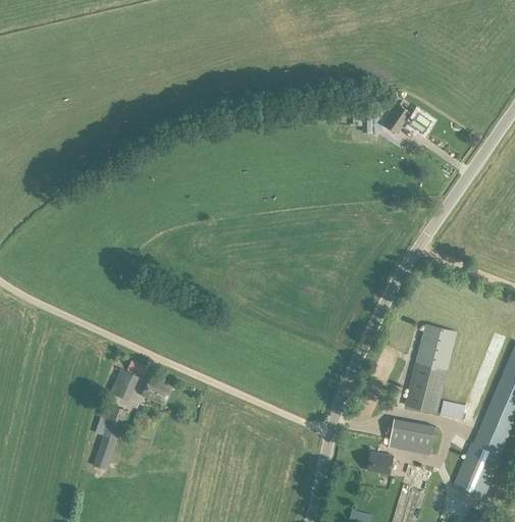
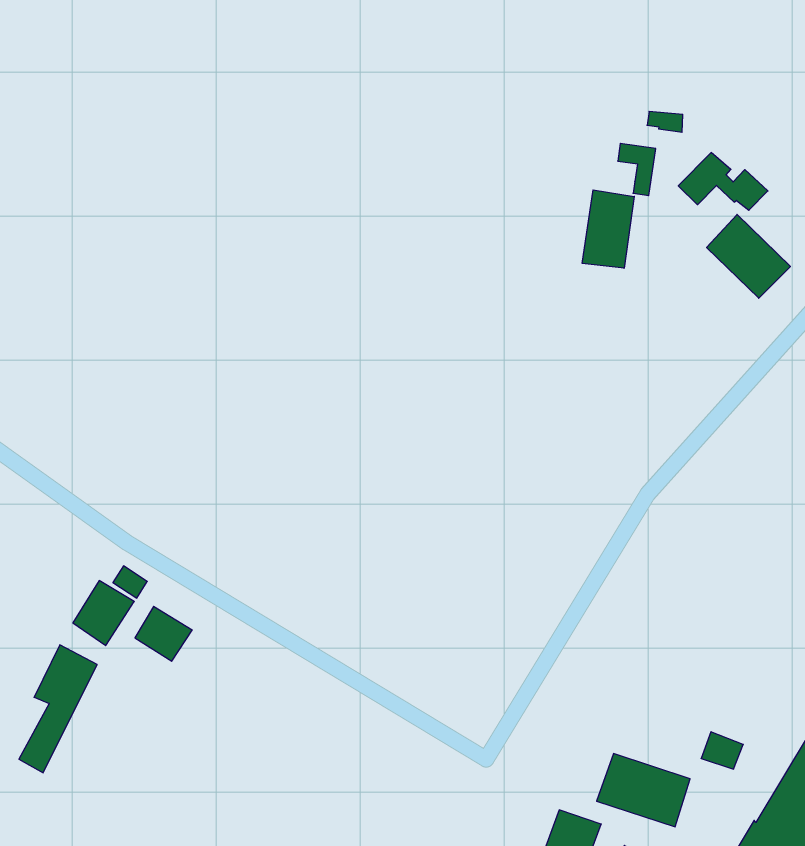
building: none -> [582,190,634,268]
building: none -> [707,214,790,298]
building: [405,323,456,414] -> none

